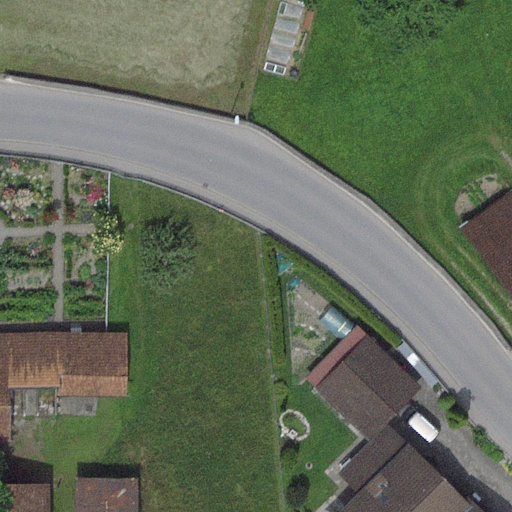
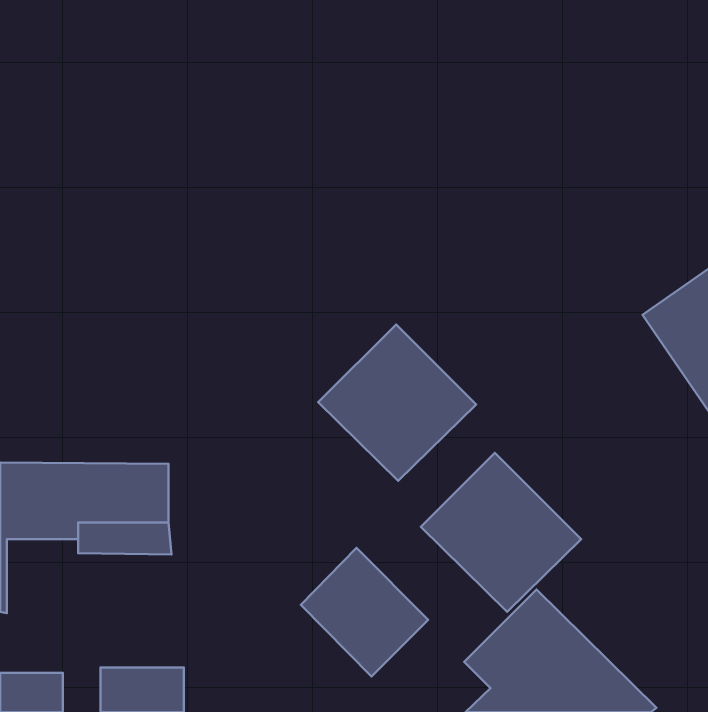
building: none -> [318,324,476,481]
building: none -> [301,548,428,676]

